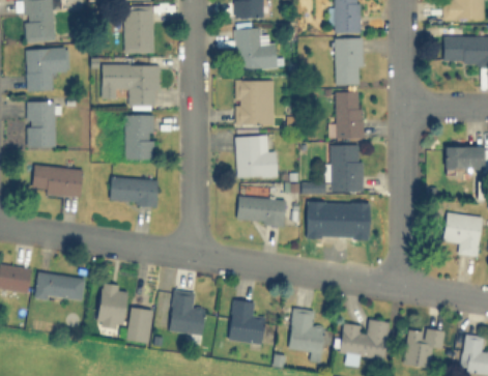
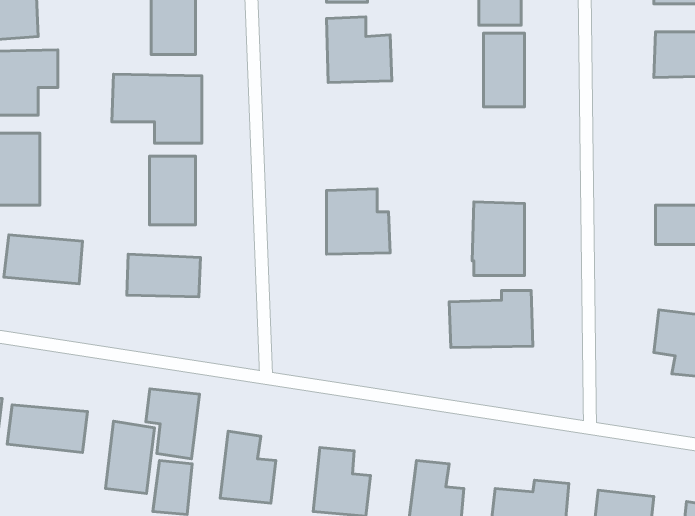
building: [234,80,274,125] -> none
building: [334,91,362,138] -> none
building: [236,196,285,225] -> none
building: none -> [146,389,199,459]

